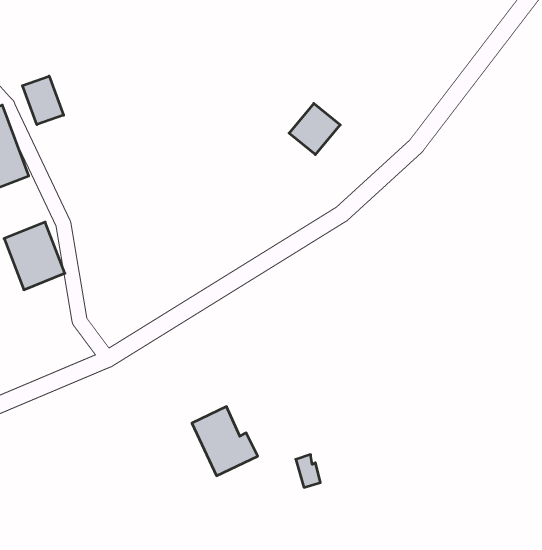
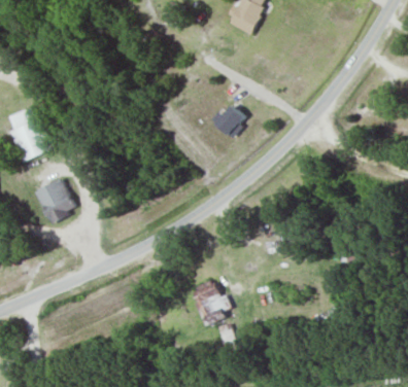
building: [22,76,64,125] -> none
building: [192,407,258,476] -> [191,278,232,321]

